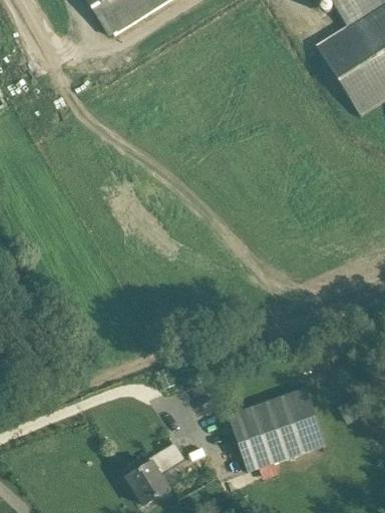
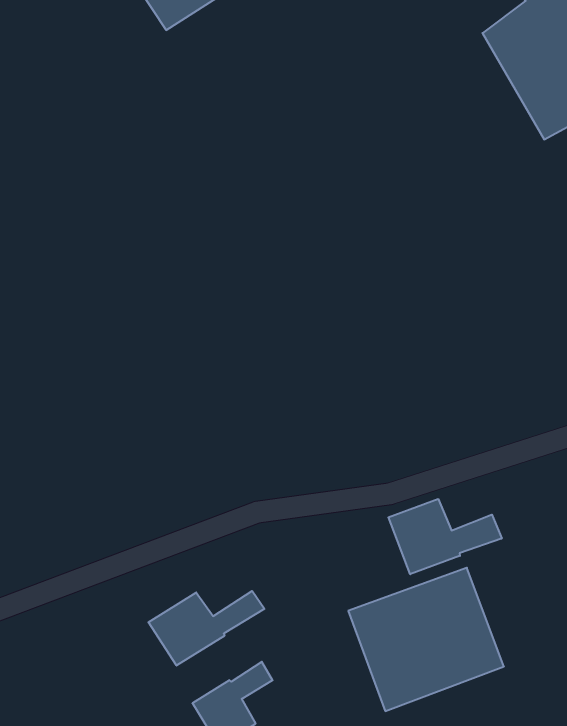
building: none -> [388,499,502,574]
building: none -> [148,591,264,666]

